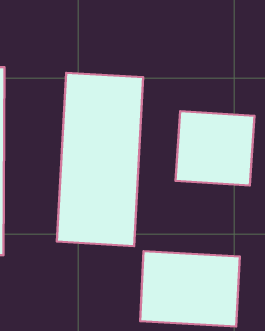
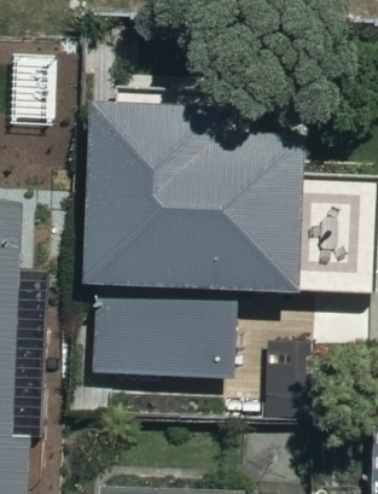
building: [140,251,240,327] -> none

